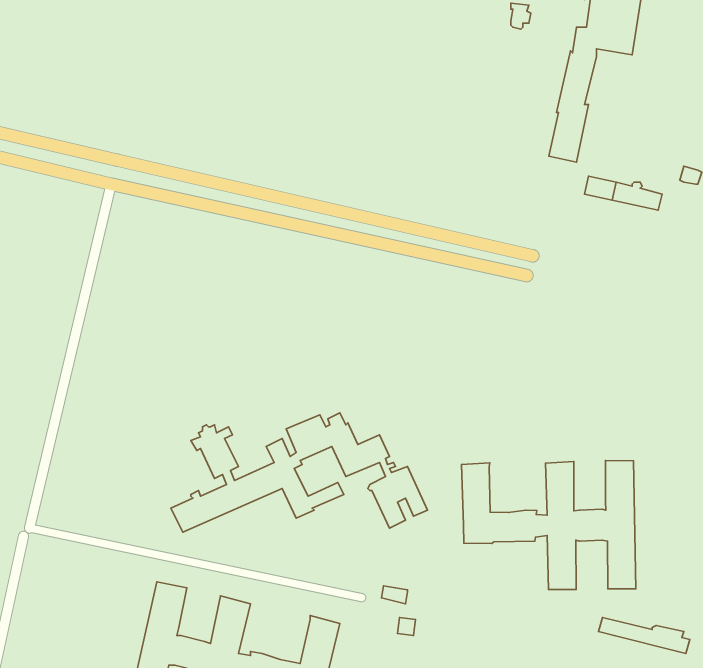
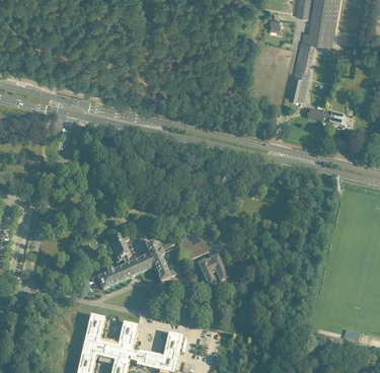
building: [462,461,636,590] -> none

